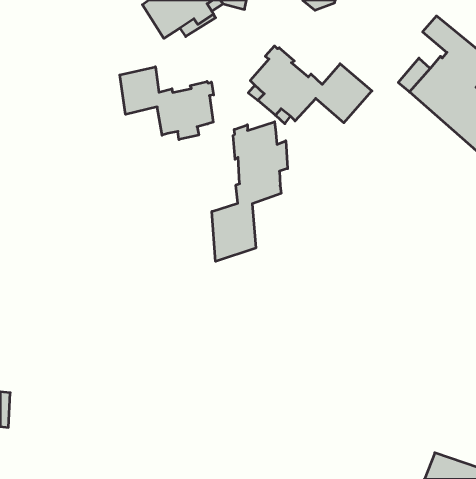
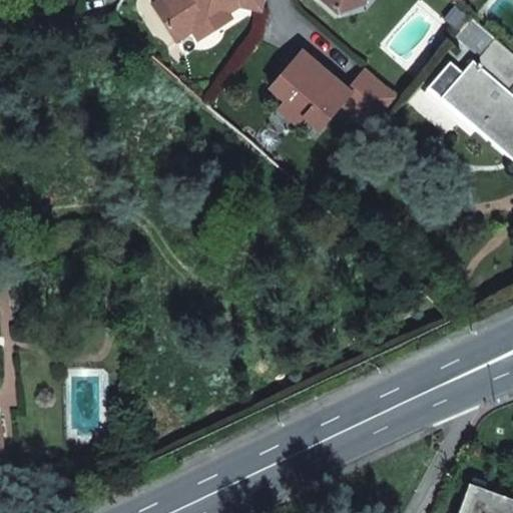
building: [120,67,214,140] -> none
building: [212,122,288,261] -> none

